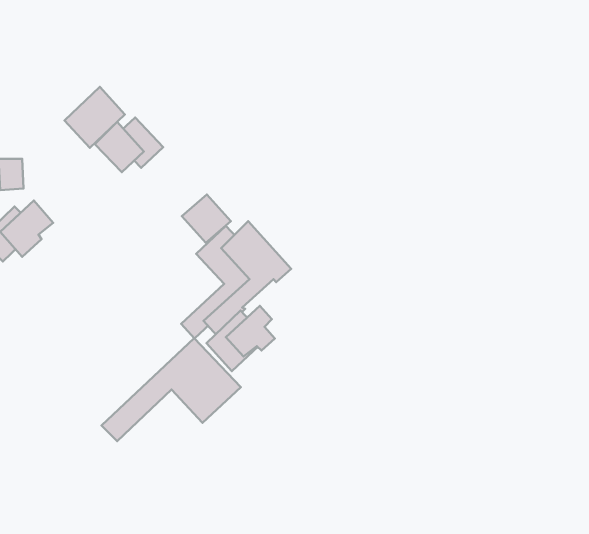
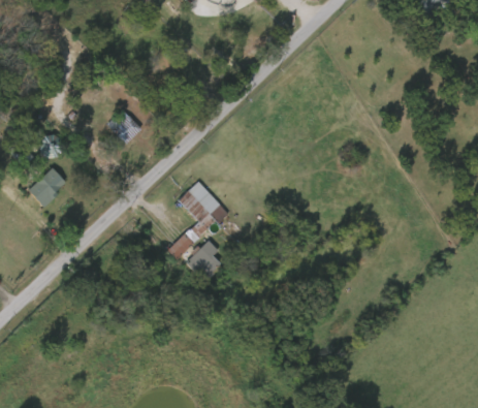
building: [64,87,125,148] -> none
building: [182,194,231,243] -> none
building: [102,338,241,441] -> none

